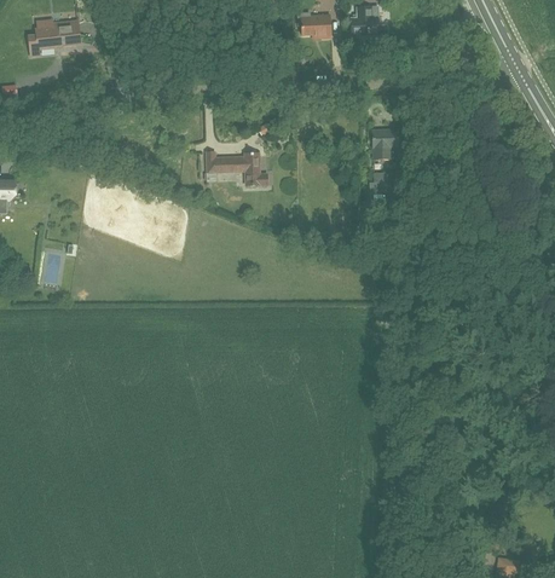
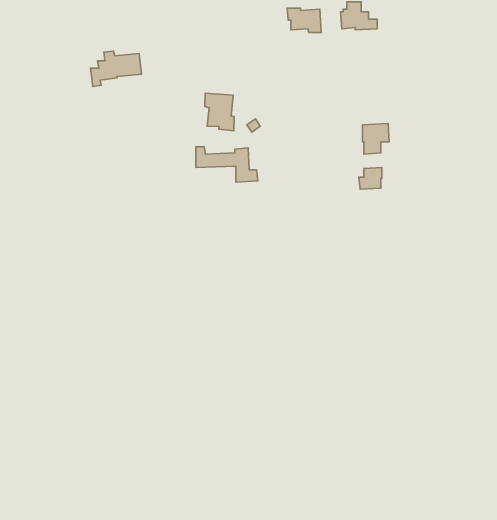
building: [29,18,80,53] -> [90,51,141,86]
building: none -> [205,93,234,131]

